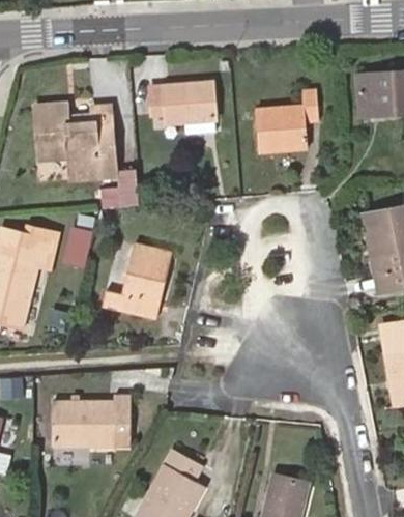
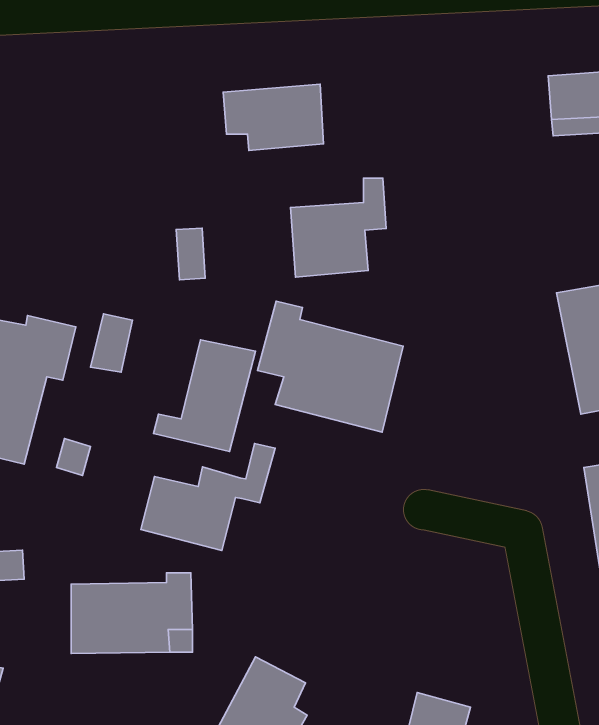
building: [257,89,318,152] -> [291,178,386,277]
building: [33,102,115,178] -> none
building: none -> [257,301,403,432]
building: none -> [141,443,275,551]

